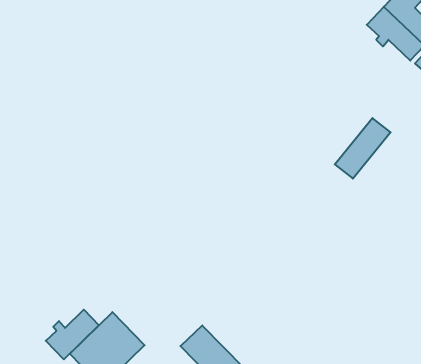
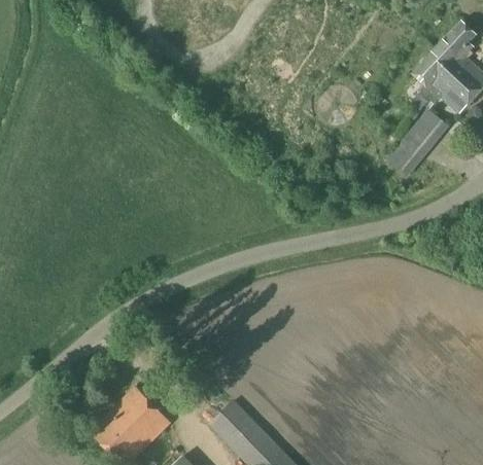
building: [335,118,391,179] -> [387,109,448,175]
building: [46,310,99,359] -> none

